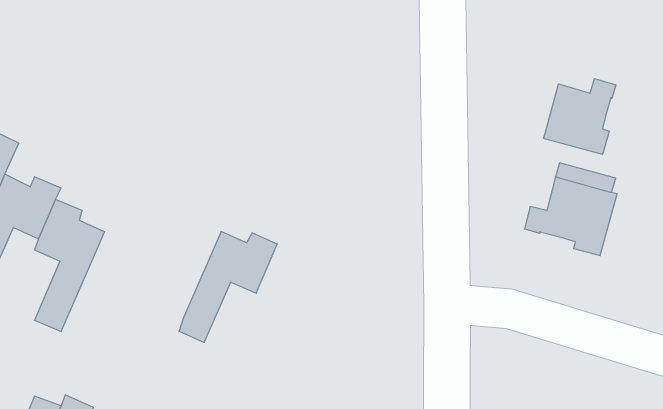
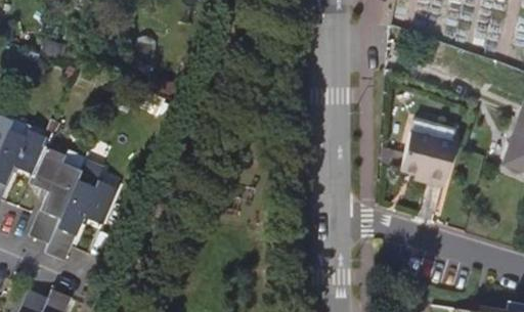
building: [544,79,616,154] -> none
building: [179,231,277,342] -> [46,179,118,260]

